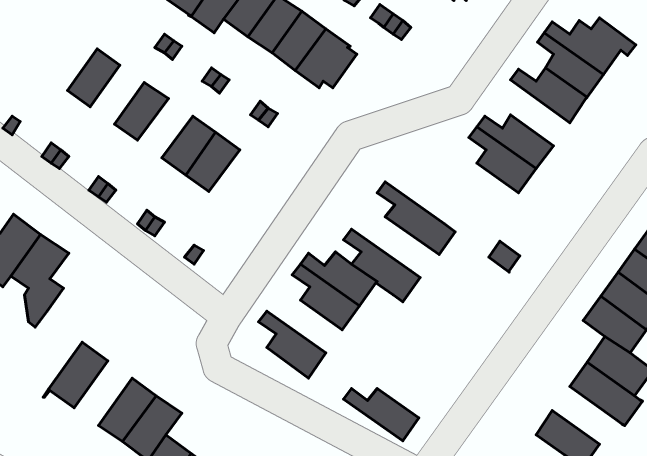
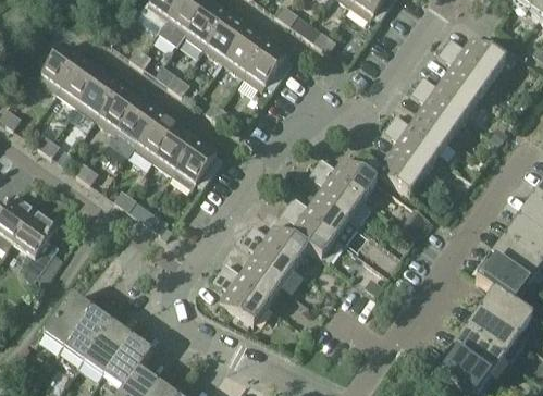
building: none -> [40,42,84,90]
building: none -> [78,70,122,117]
building: none -> [412,82,466,135]
building: none -> [110,97,161,154]
building: none -> [174,138,224,186]
building: none -> [363,149,424,193]
building: none -> [317,154,379,198]
building: none -> [289,193,360,243]
building: none -> [65,309,112,361]
building: none -> [452,330,504,376]
building: [343,388,419,441] -> [221,260,282,302]

